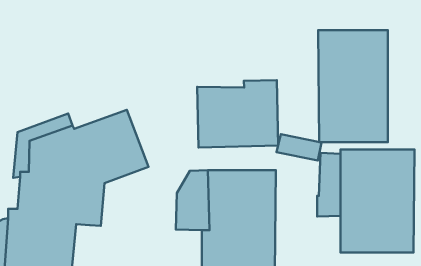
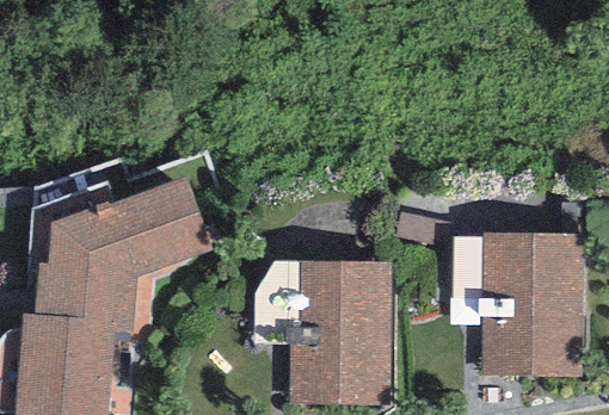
building: [318,30,388,142] -> none
building: [197,80,278,148] -> none

